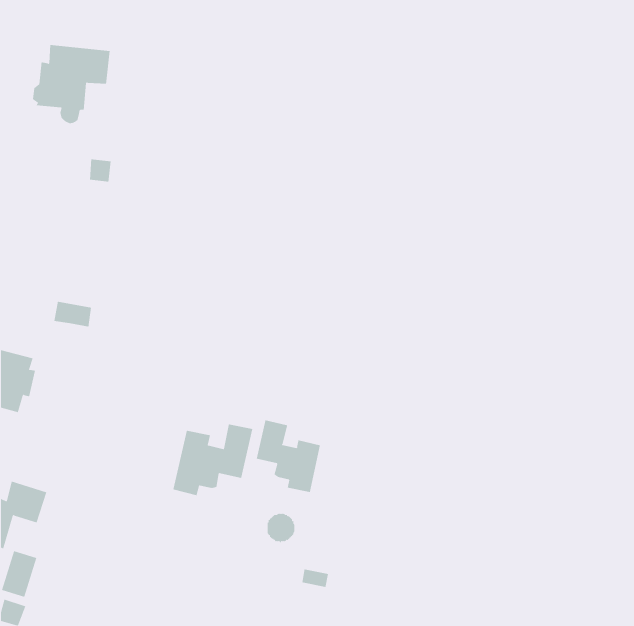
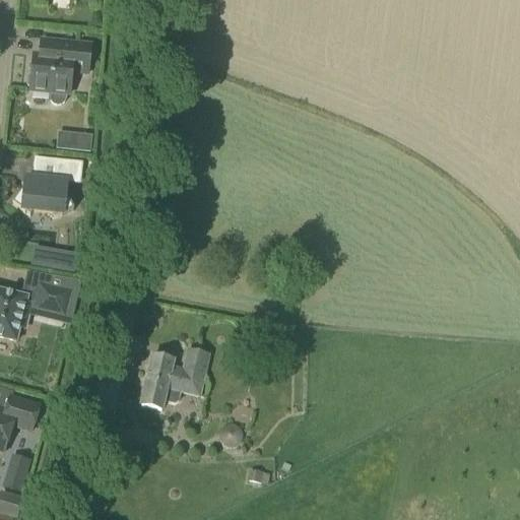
building: none -> [11,157,80,215]
building: none -> [34,281,69,315]
building: [256,419,321,493] -> none

